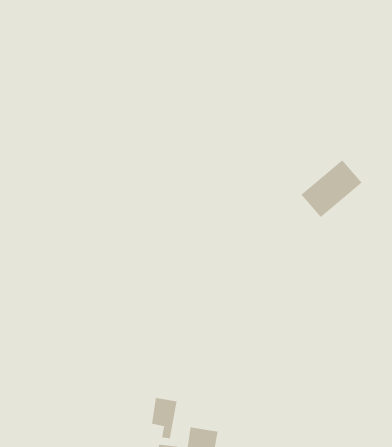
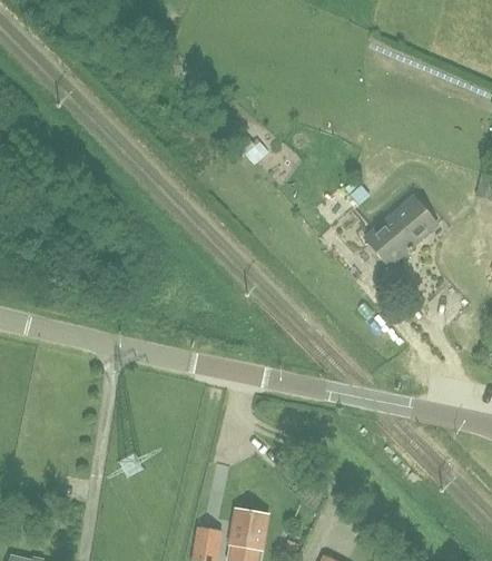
building: [152,397,177,439] -> none

